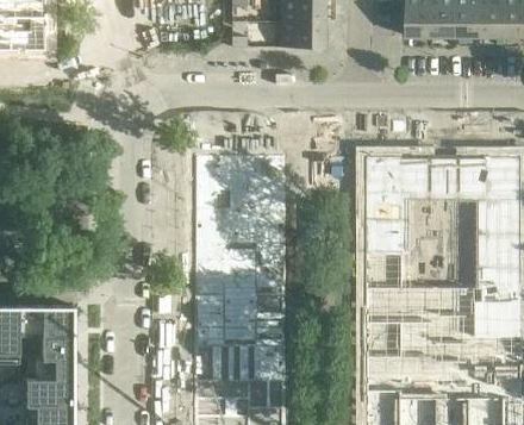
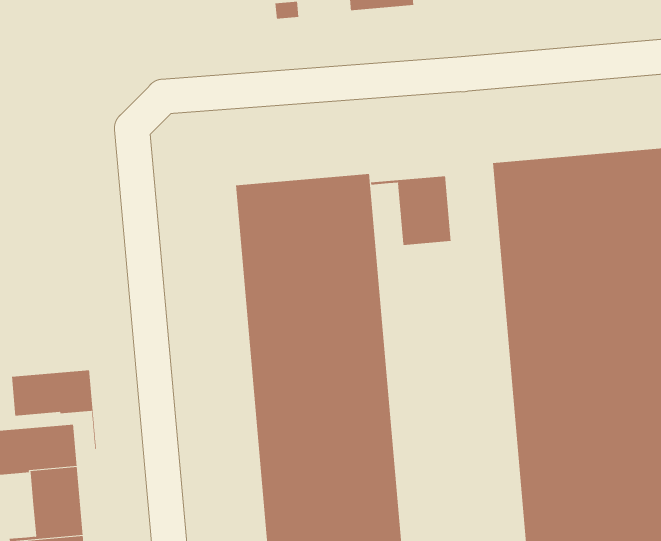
building: none -> [371,175,451,246]
building: none -> [11,370,97,450]

